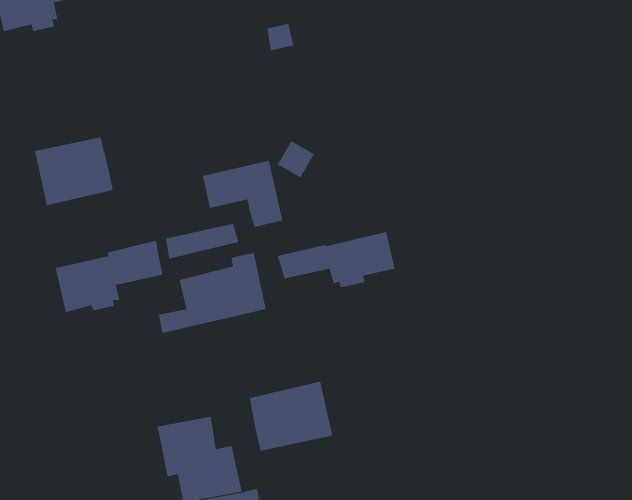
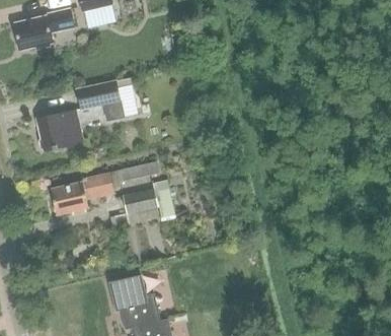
building: [202,160,283,228] -> [77,80,125,120]
building: [277,231,395,288] -> none
building: [249,381,333,451] -> none

